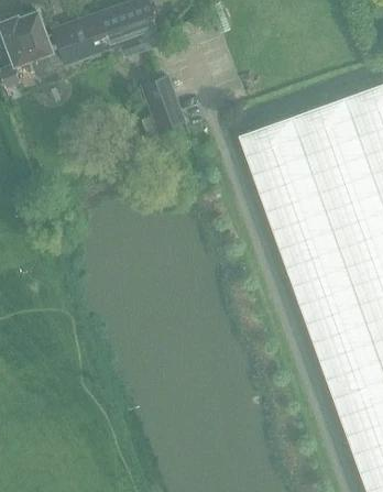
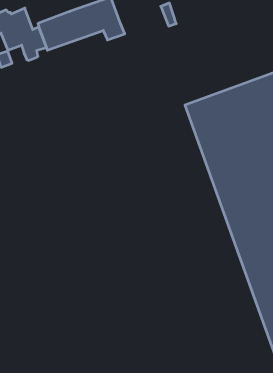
building: [141,77,183,132] -> none

